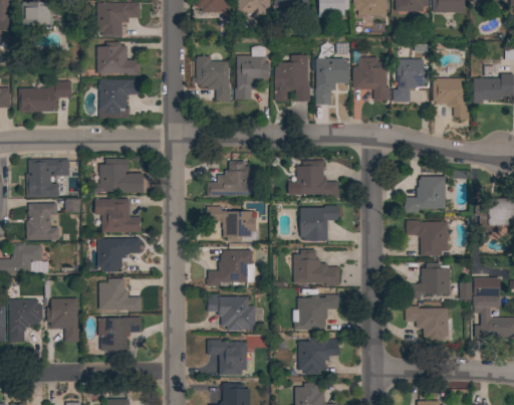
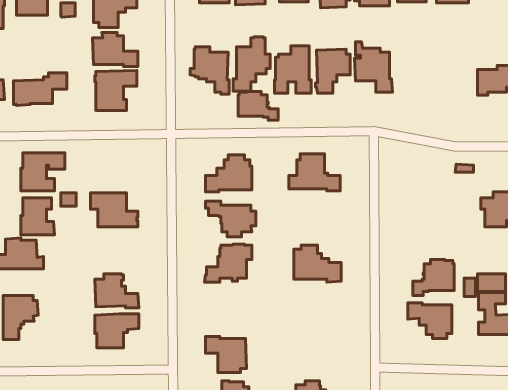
building: [393,60,428,103] -> none
building: [433,78,468,120] -> none
building: none -> [238,91,278,120]
building: [92,159,144,193] -> none
building: [404,177,455,213] -> none
building: [300,206,338,241] -> none
building: [406,220,448,256] -> none
building: [97,238,141,271] -> none
building: [207,295,255,331] -> none
building: [292,295,339,330] -> none
building: [46,298,80,343] -> none
building: [298,337,339,375] -> none

